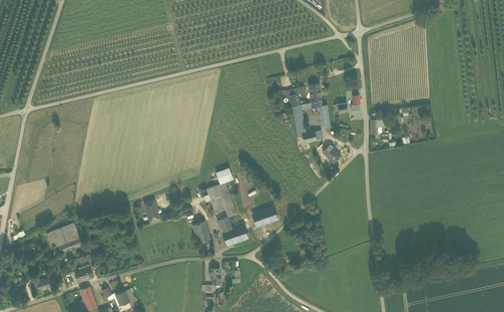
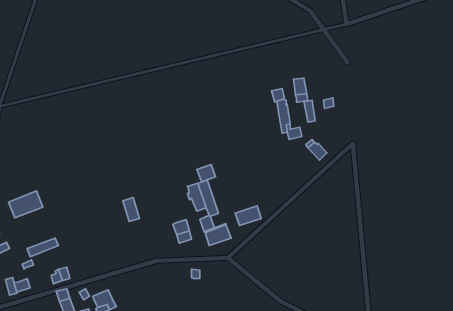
building: [45,221,78,247] -> [9,191,43,218]

